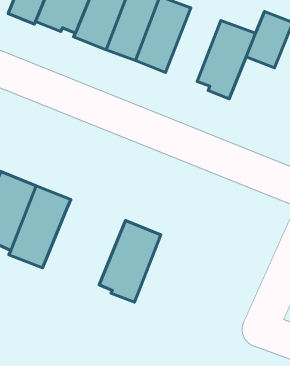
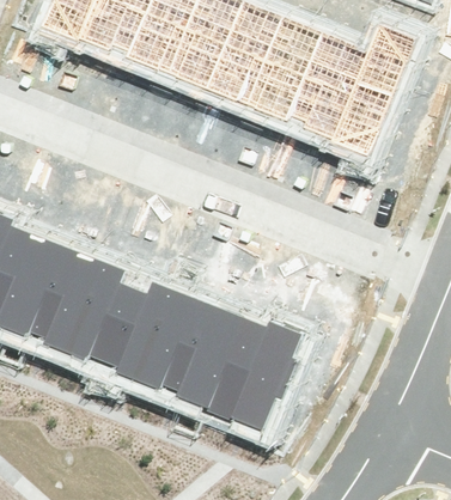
building: none -> [246,18,319,118]
building: none -> [329,83,390,154]
building: none -> [87,280,194,389]
building: none -> [205,317,299,428]

